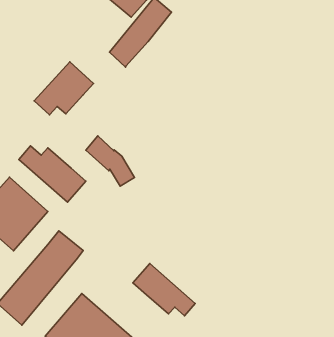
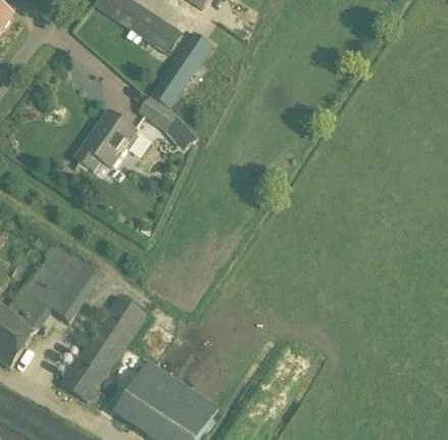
building: [86,136,134,186] -> [138,95,194,147]
building: [19,146,86,202] -> none
building: [133,264,195,316] -> none

